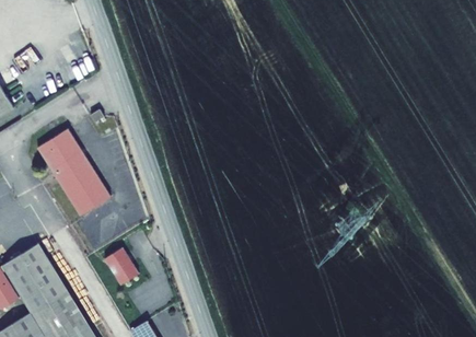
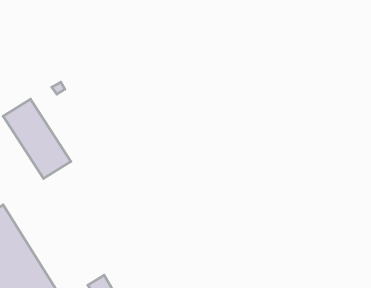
building: [105,248,140,284] -> none

